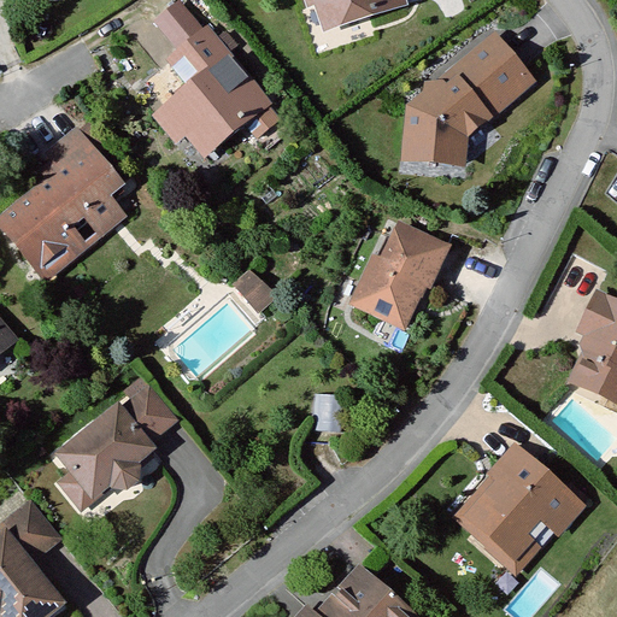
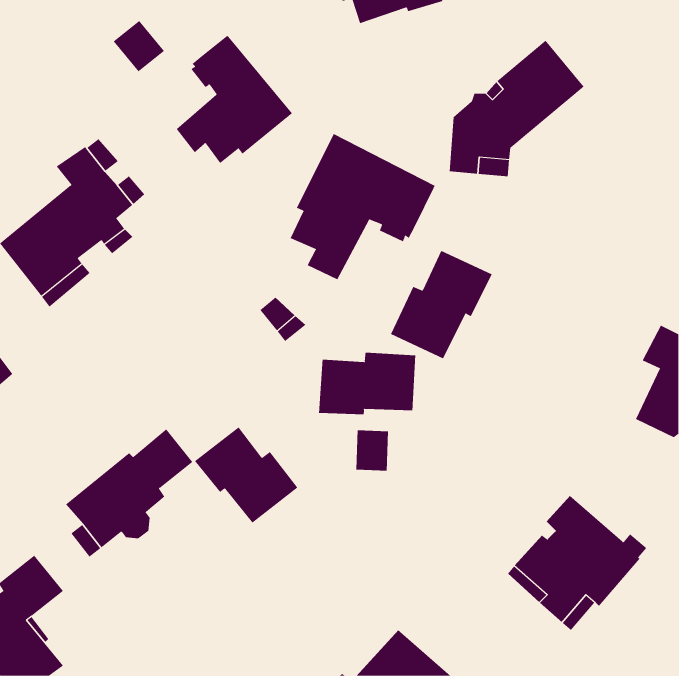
building: [158,5,205,52] -> [113,20,165,72]
building: none -> [290,133,436,280]
building: none -> [319,352,416,415]
building: none -> [194,427,298,524]

